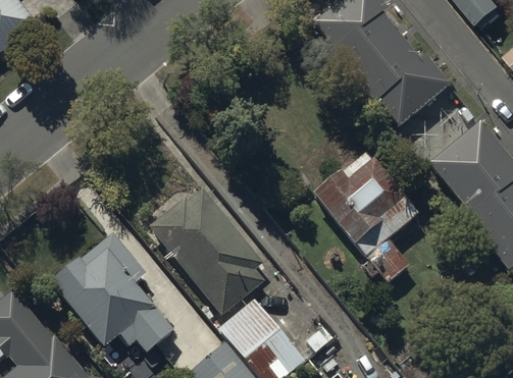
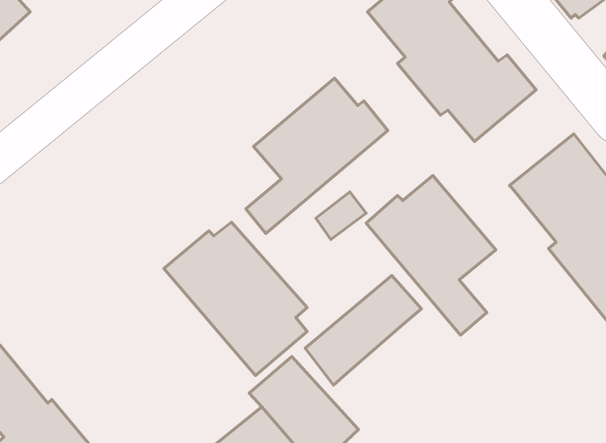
building: none -> [246,78,388,233]
building: [48,232,172,354] -> none
building: none -> [305,275,422,385]

